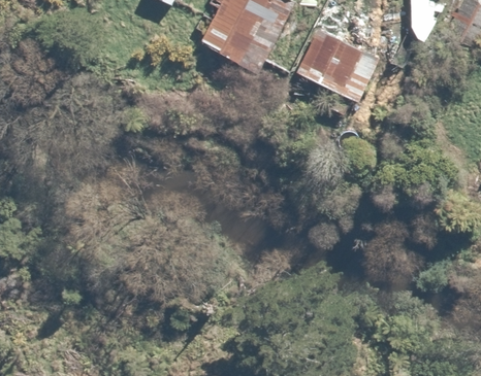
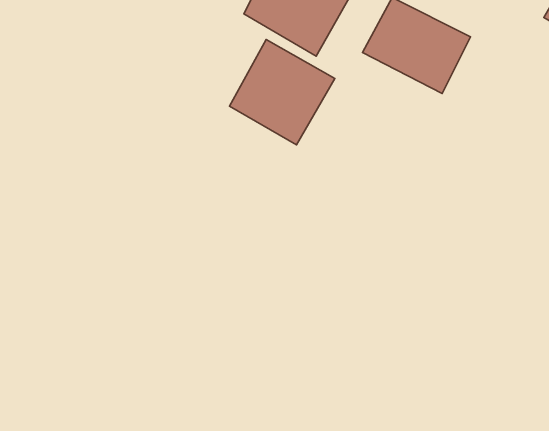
building: none -> [229,39,335,145]

